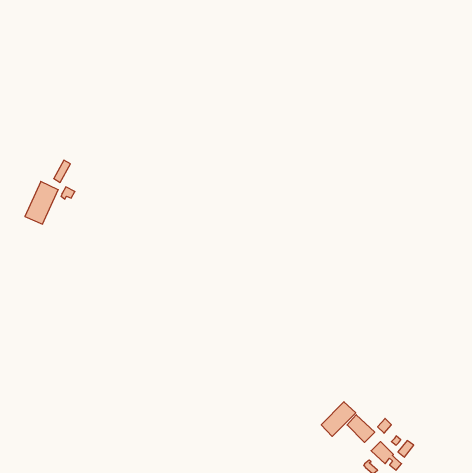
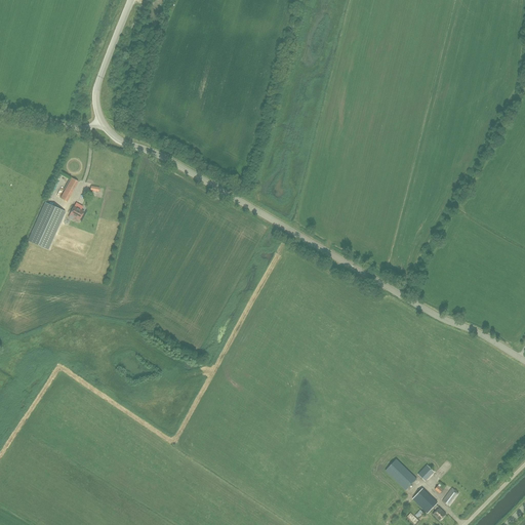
building: [321,402,356,436] -> none

